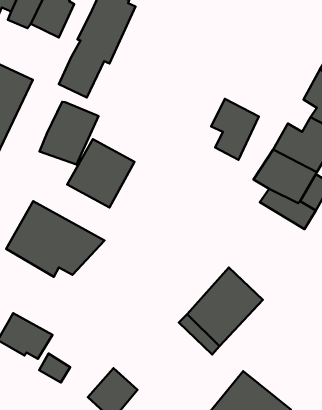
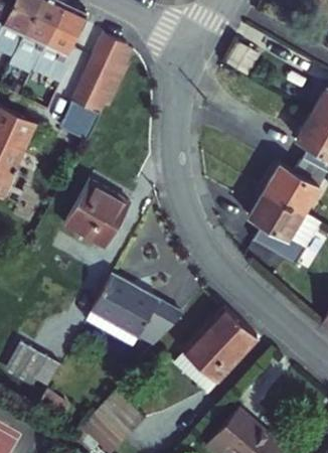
building: [211,99,259,160] -> none
building: [40,102,99,164] -> none
building: [6,201,105,277] -> [86,277,181,350]

